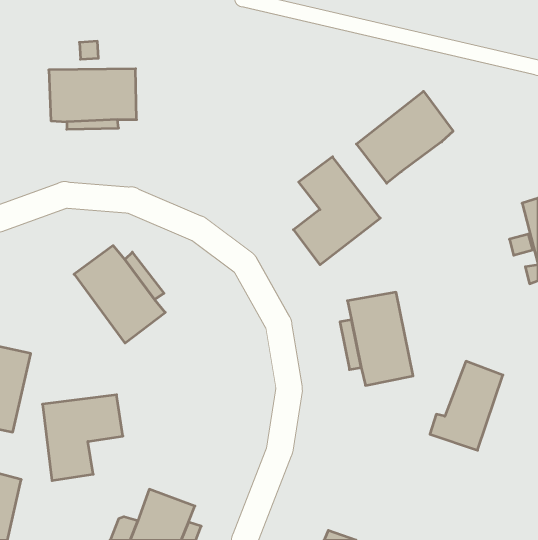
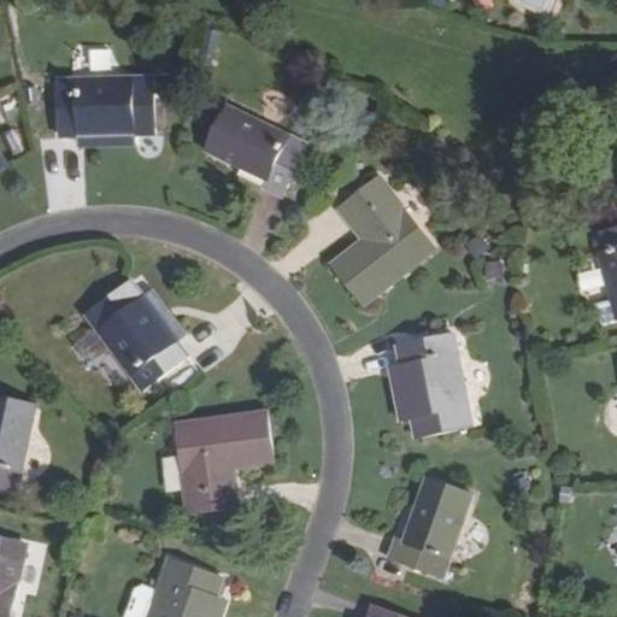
building: [356,91,453,183] -> none
building: none -> [202,105,307,195]
building: [430,361,503,450] -> [388,476,471,577]
building: [42,395,123,481] -> [180,413,271,511]

